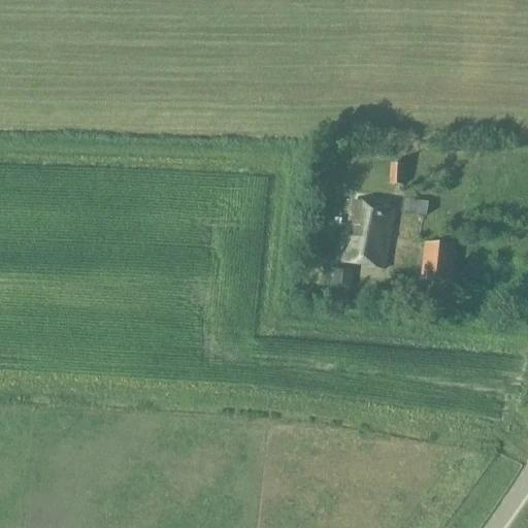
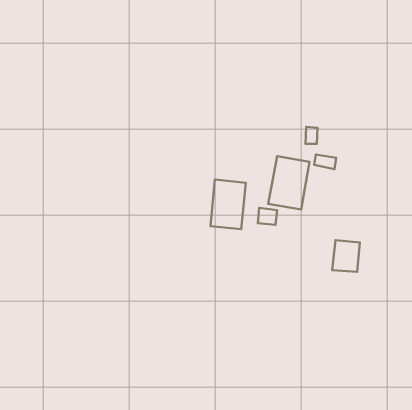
building: none -> [210,180,246,229]
building: [422,241,457,282] -> [332,240,360,272]

